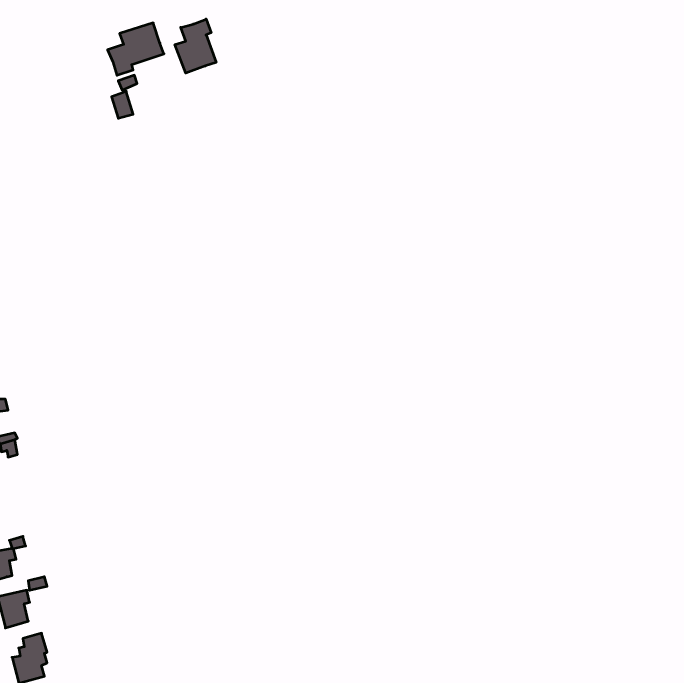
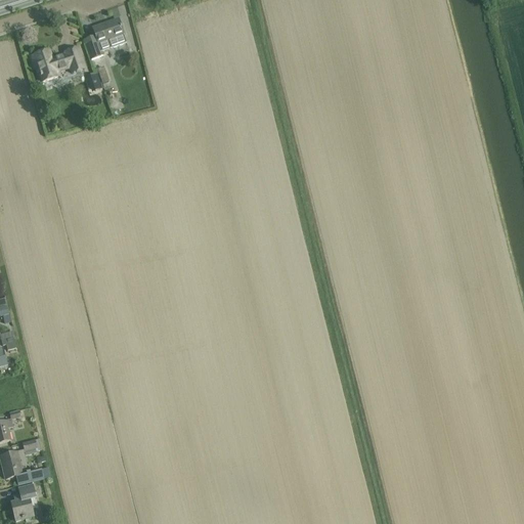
building: [175,19,216,73] -> none
building: none -> [30,46,83,80]

